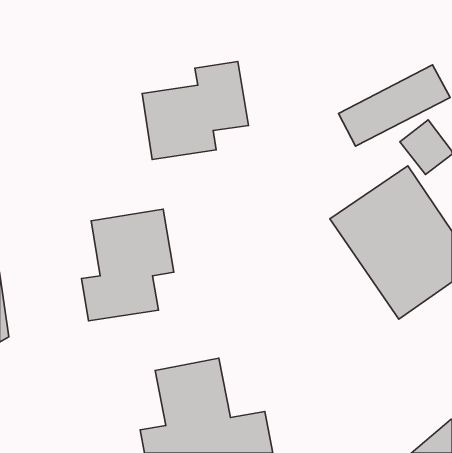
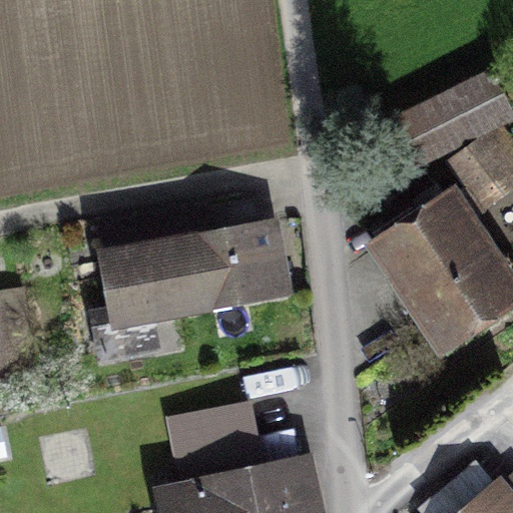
building: [142,62,248,159] -> none
building: none -> [184,223,281,308]

